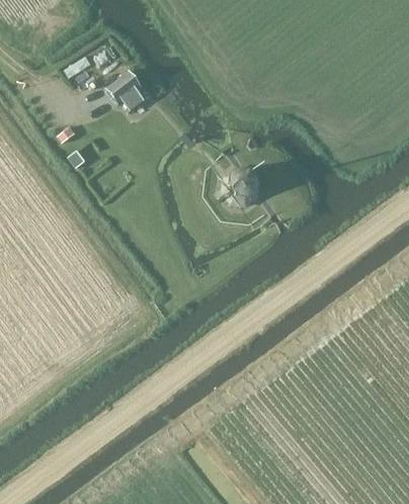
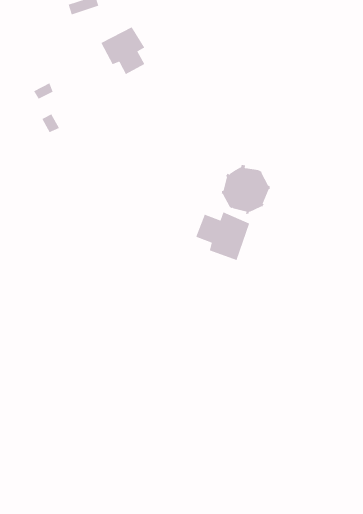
building: none -> [195,211,250,261]

